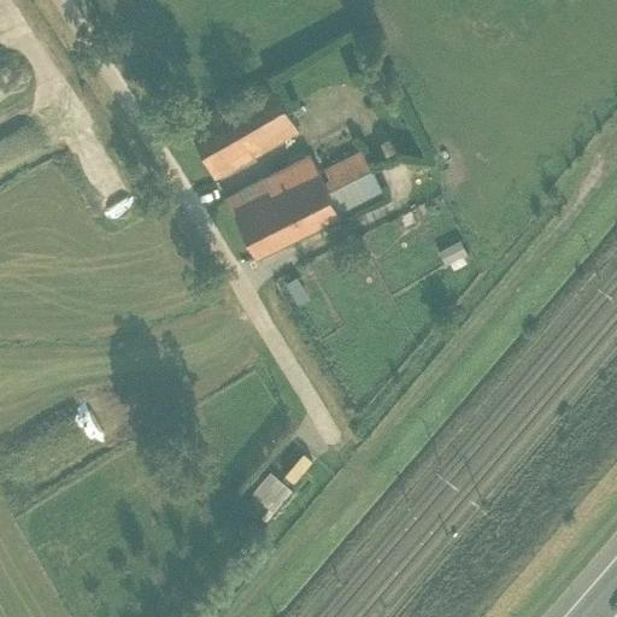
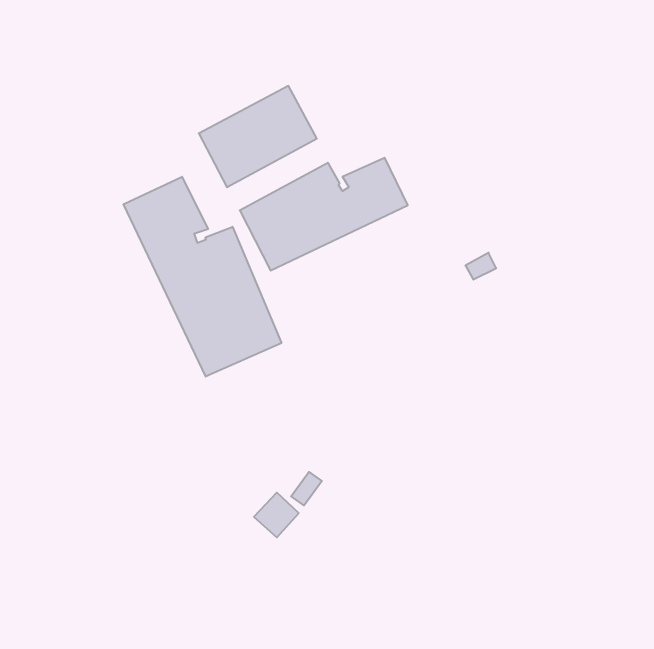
building: none -> [124,177,281,377]

